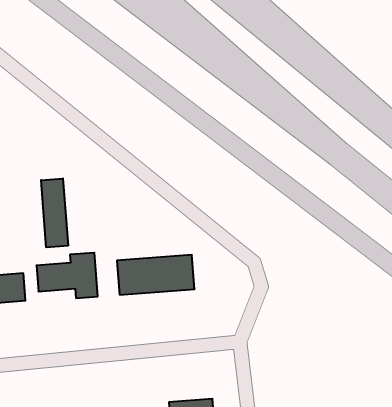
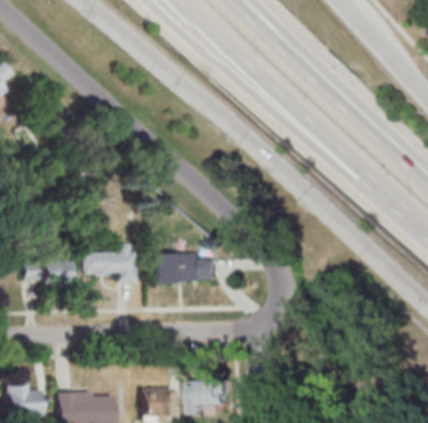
building: [41,178,68,247] -> none

